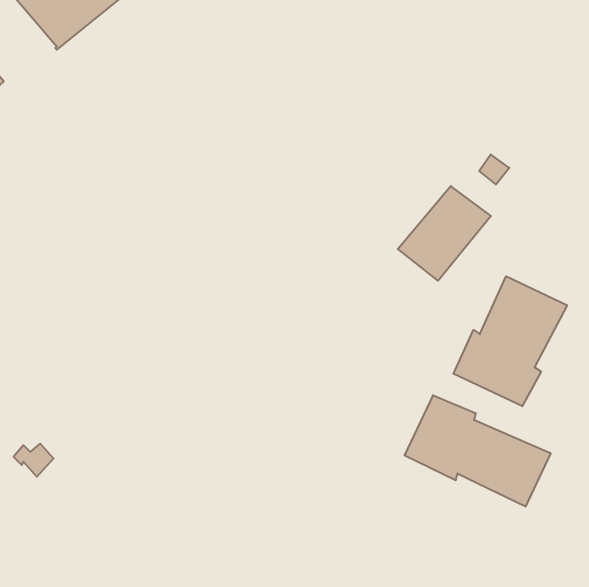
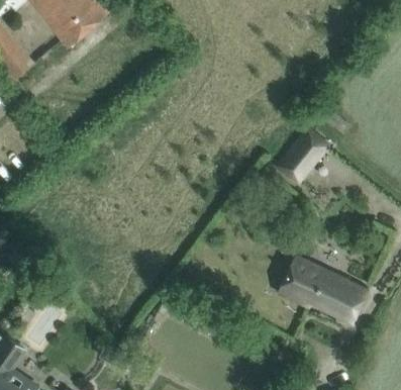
building: [453,276,567,406] -> none

